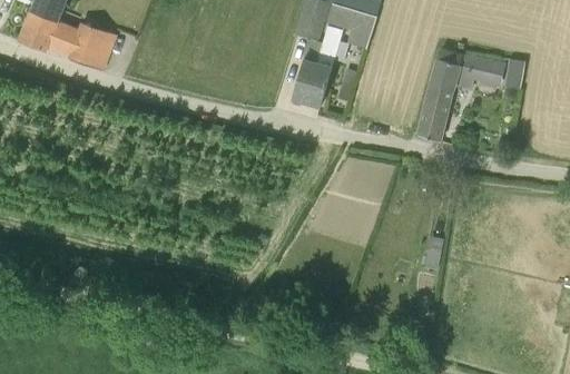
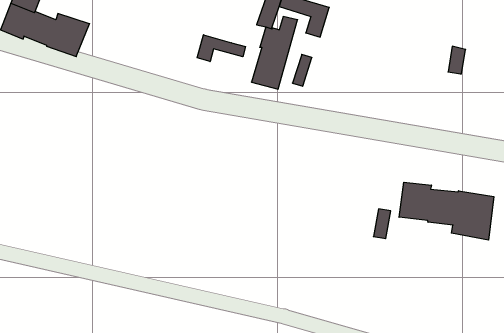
building: none -> [197,35,246,62]
building: [417,50,502,141] -> none
building: none -> [399,182,494,240]

